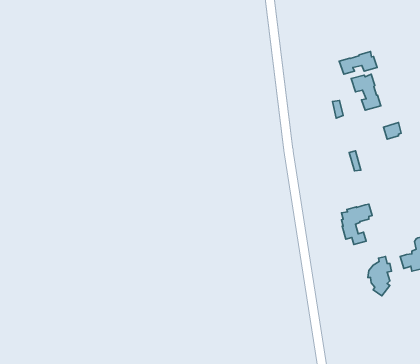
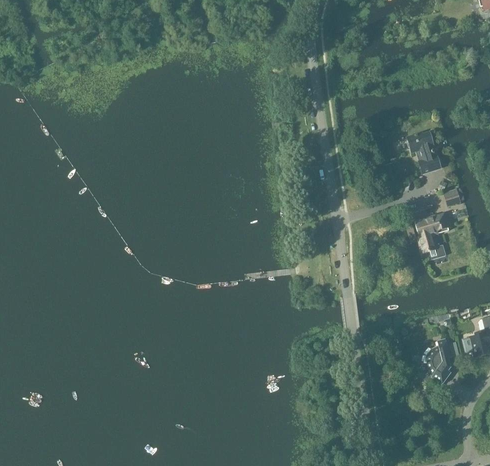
building: [339,51,377,74] -> none
building: [341,204,372,245] -> [418,212,453,258]

